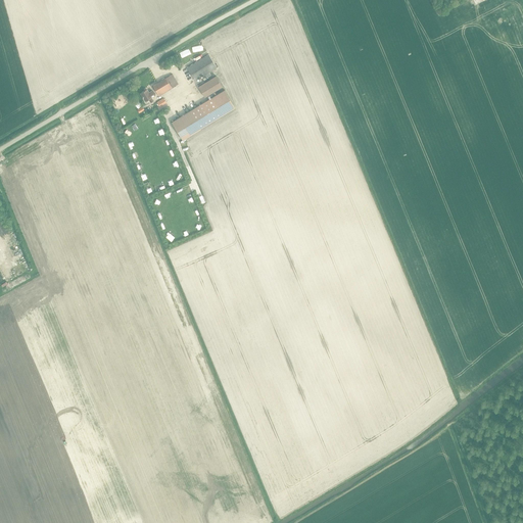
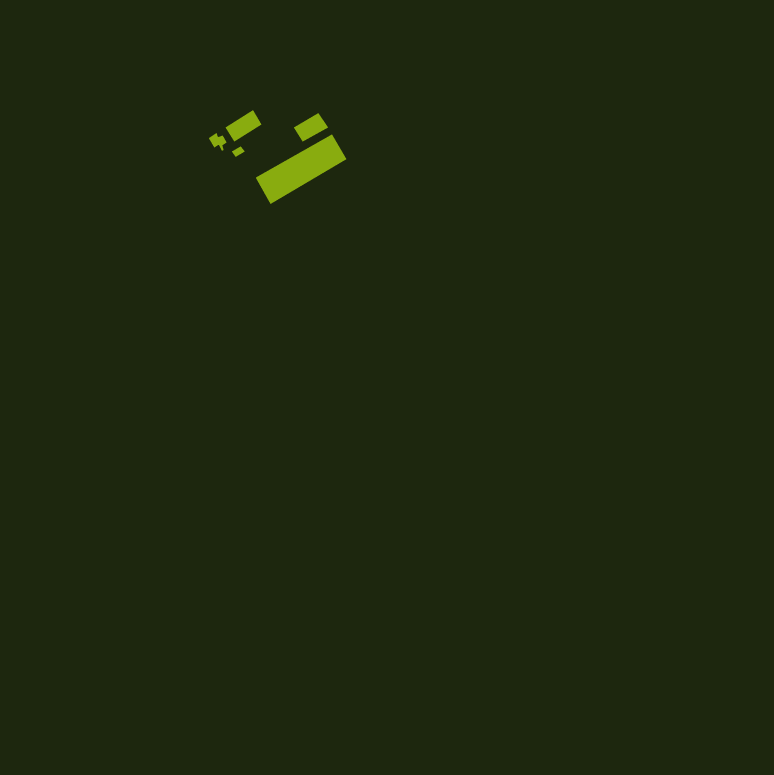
building: [186,54,216,81] -> none

